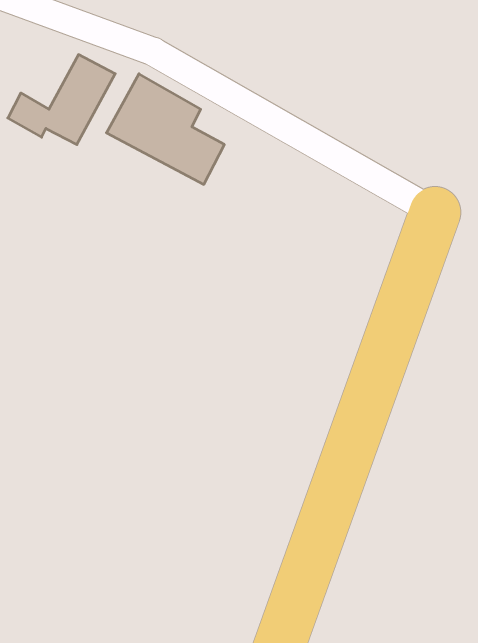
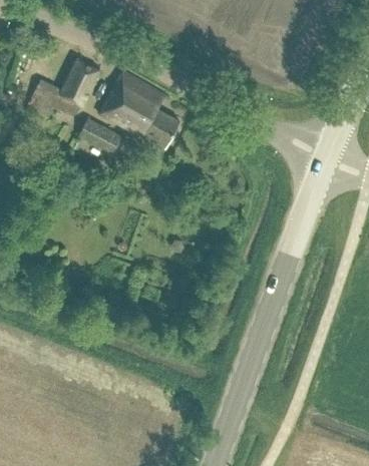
building: none -> [79,119,123,154]

